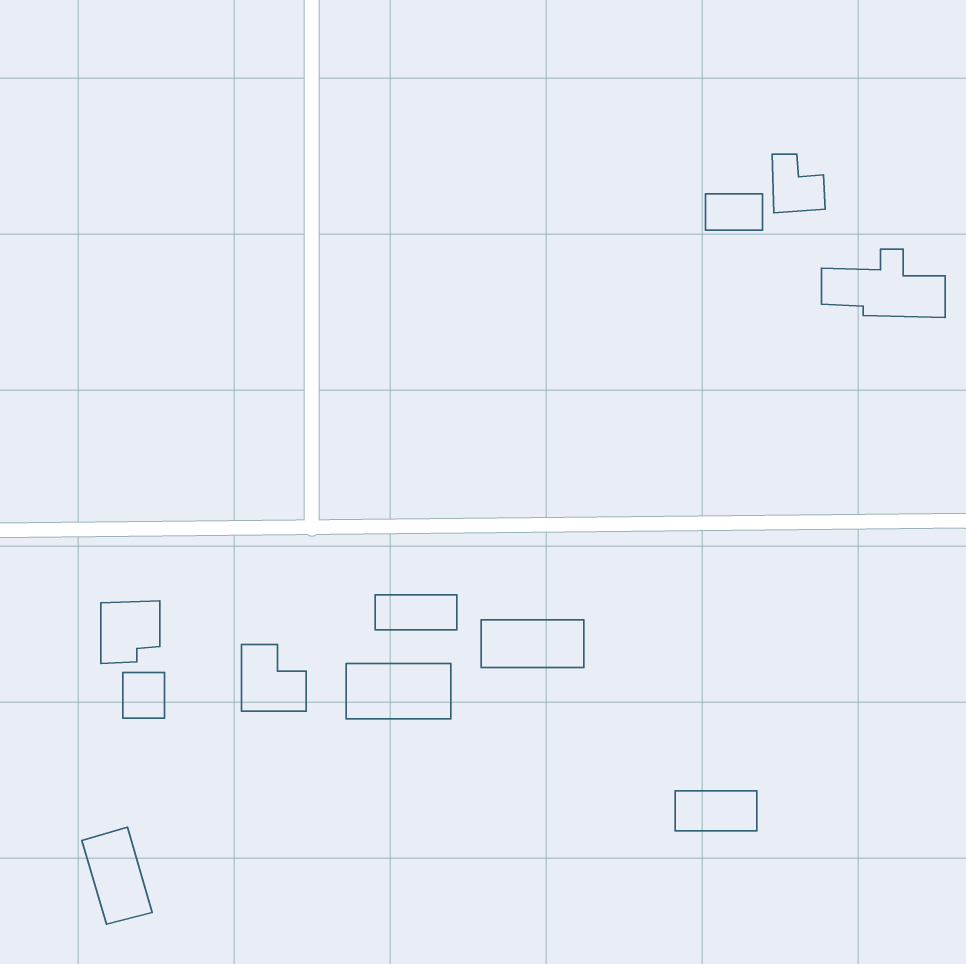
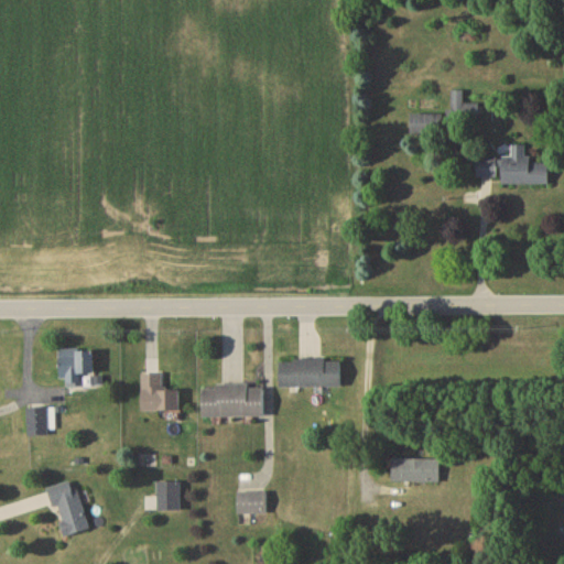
building: [375,595,457,630] -> none
building: [123,673,165,718] -> [26,408,51,434]
building: none -> [155,481,178,510]
building: none -> [235,490,264,513]

